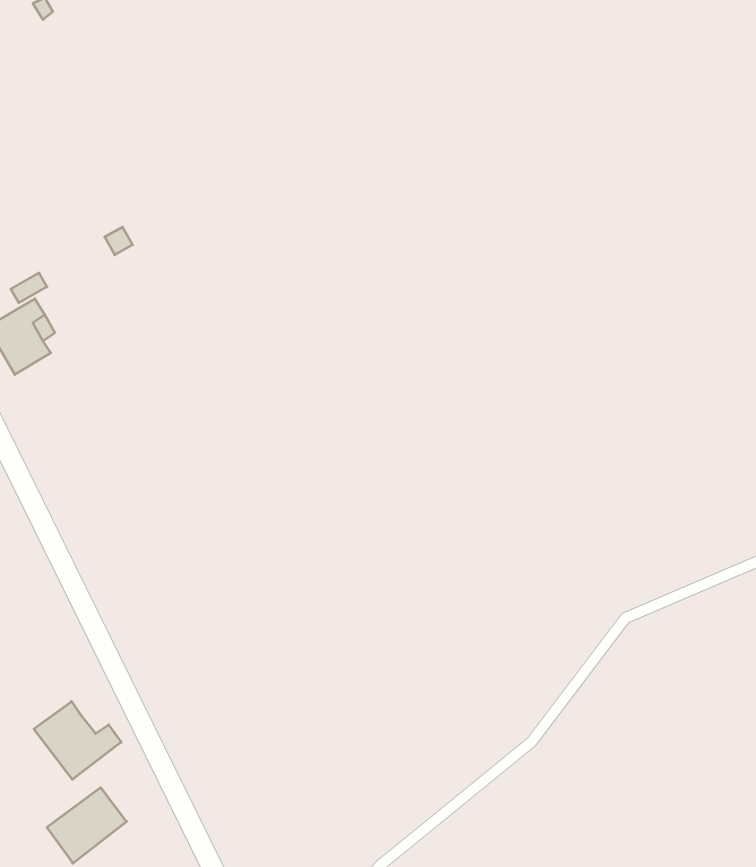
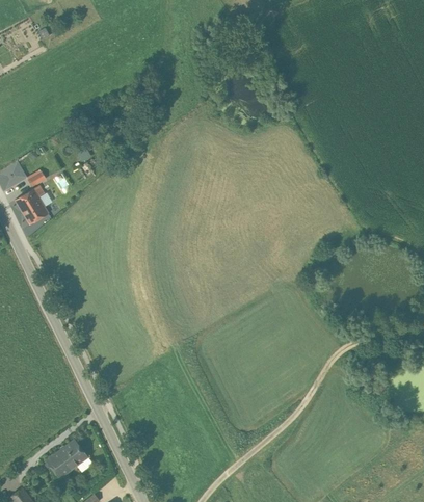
building: [34,701,121,779] -> none

